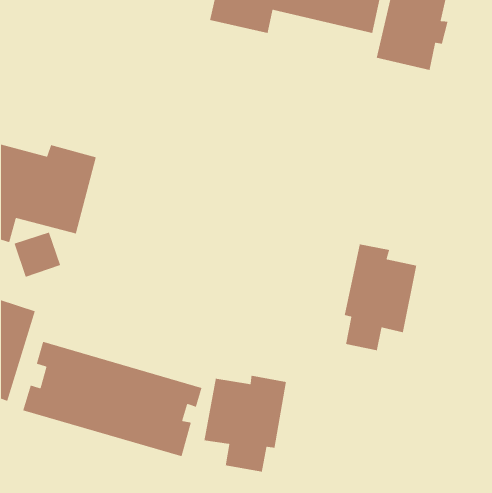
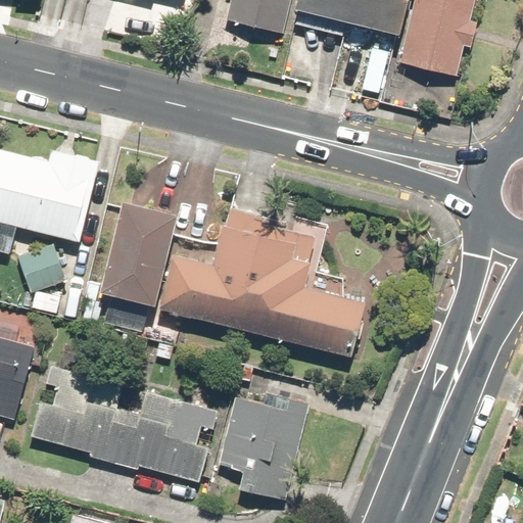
building: none -> [95,202,172,306]
building: none -> [155,211,364,358]
building: [344,243,417,351] -> none

